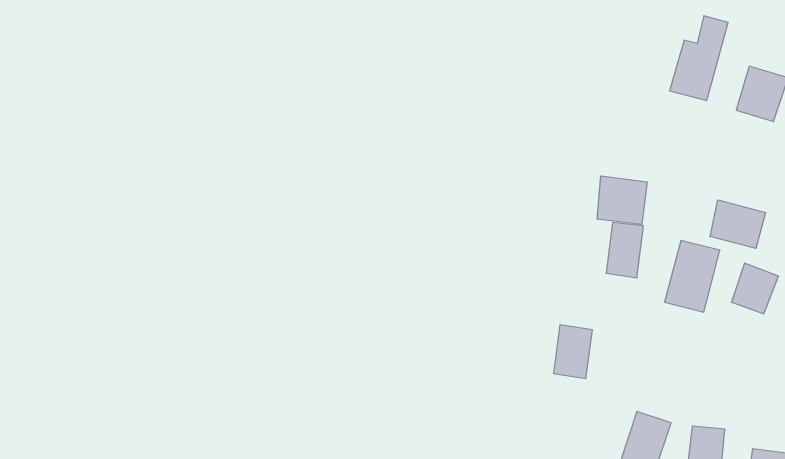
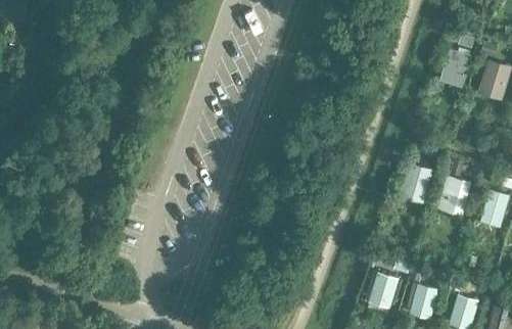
building: [597,176,647,224] -> none
building: [710,200,765,248] -> none
building: [553,325,592,379] -> [368,273,392,307]

